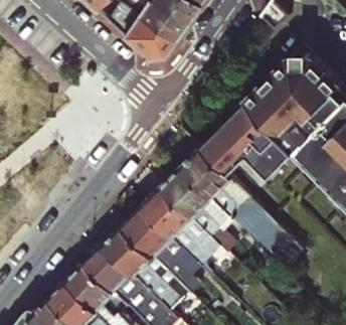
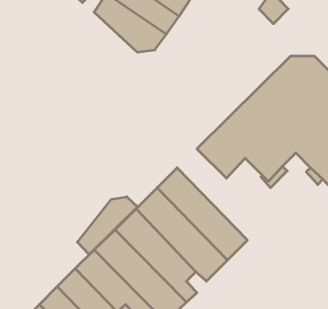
building: [181,150,291,262] -> none
building: none -> [77,197,138,254]

